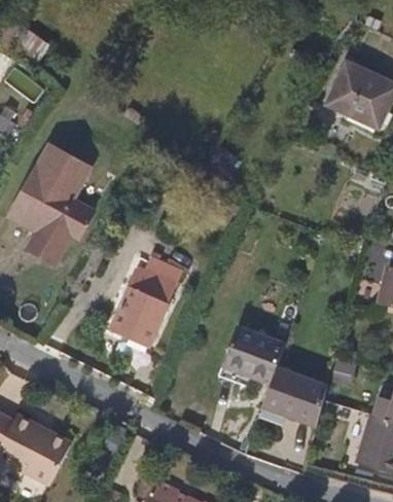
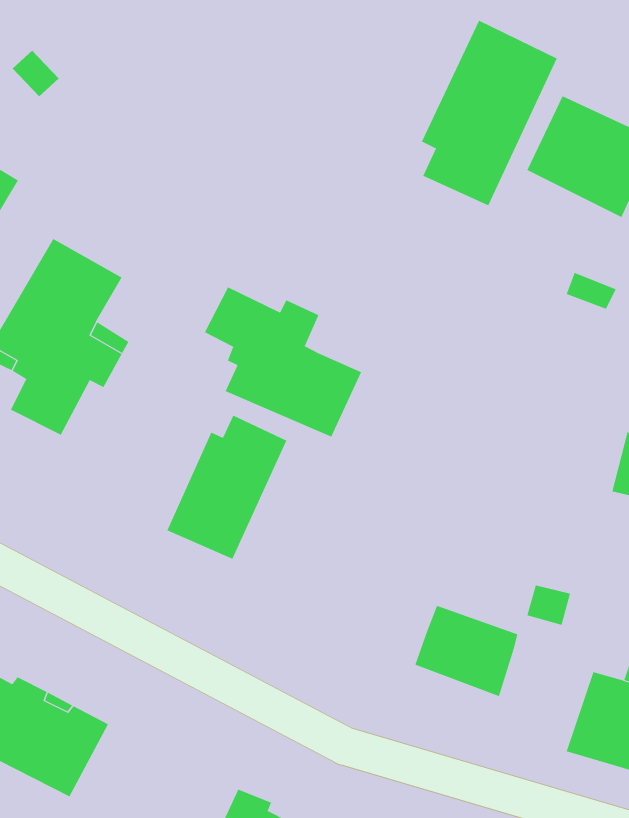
building: none -> [421,20,557,206]
building: none -> [204,287,362,438]
building: [221,326,285,387] -> none

